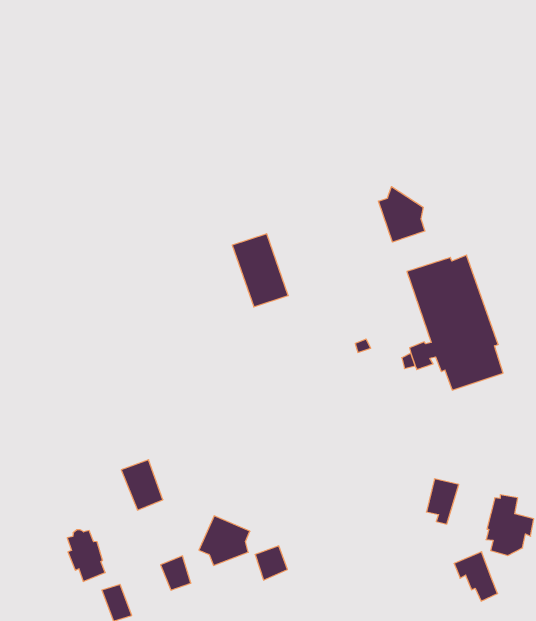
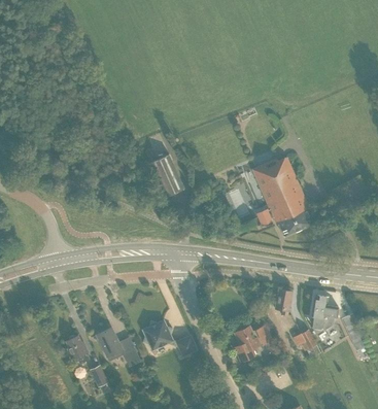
building: [378,187,425,242] -> none
building: [121,460,163,510] -> [97,327,123,356]
building: none -> [235,325,273,362]

